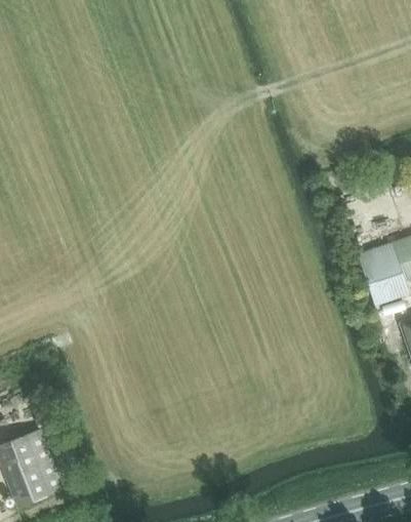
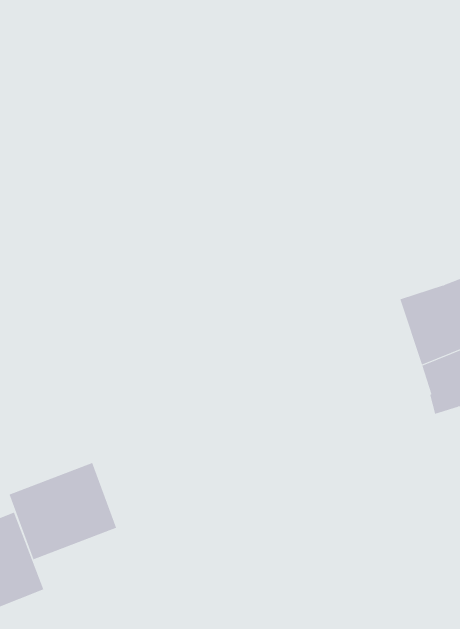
building: none -> [9,462,117,560]

